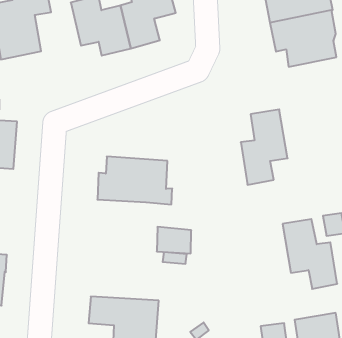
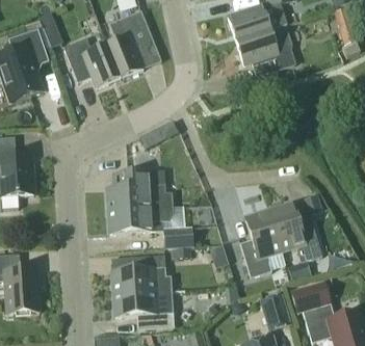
building: [241,109,288,185] -> [239,210,281,277]
building: none -> [108,206,173,233]
building: none -> [111,255,172,293]

